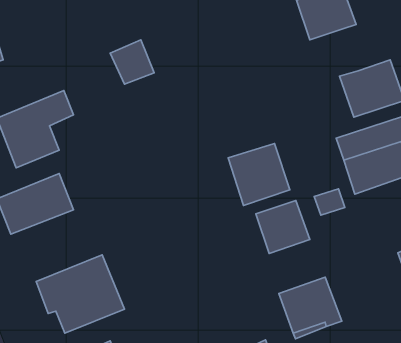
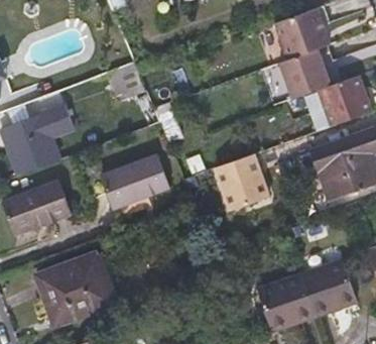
building: none -> [278,48,332,100]
building: none -> [98,155,167,210]
building: [256,201,310,253] -> none
building: none -> [301,260,357,316]

